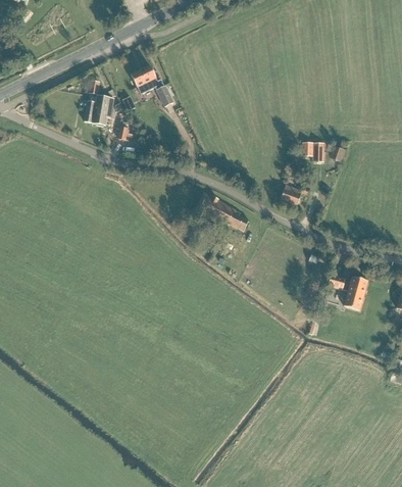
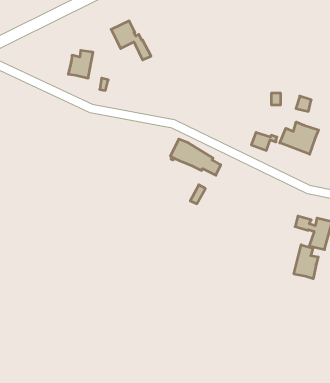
building: none -> [280,122,319,154]
building: none -> [294,245,318,279]

